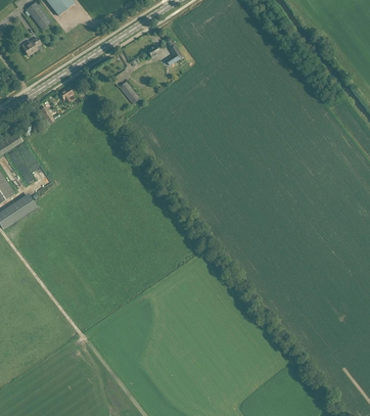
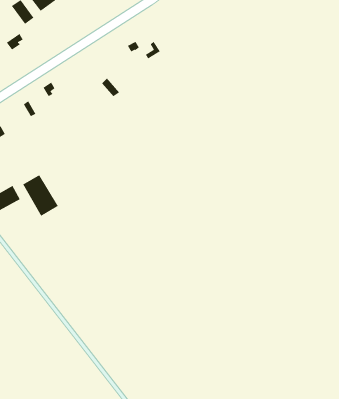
building: none -> [22,174,59,217]

